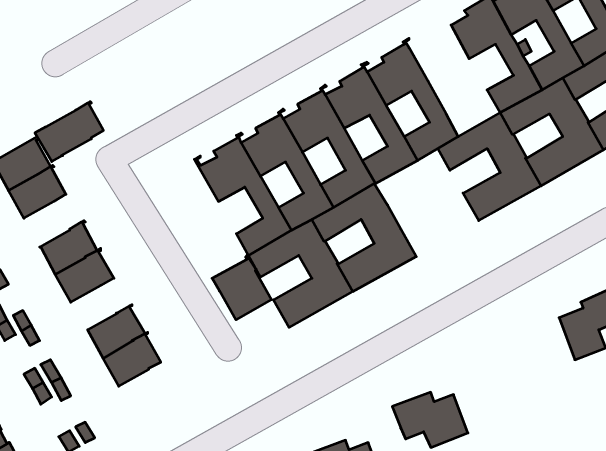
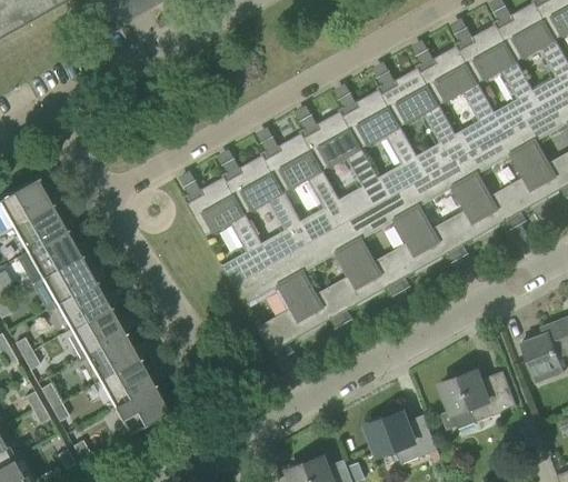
building: none -> [382,62,467,175]
building: [35,102,103,162] -> [16,228,79,283]
building: none -> [350,187,447,287]
building: [212,255,272,320] -> none
building: none -> [69,305,123,354]
building: none -> [440,370,517,430]
building: none -> [113,382,170,433]

